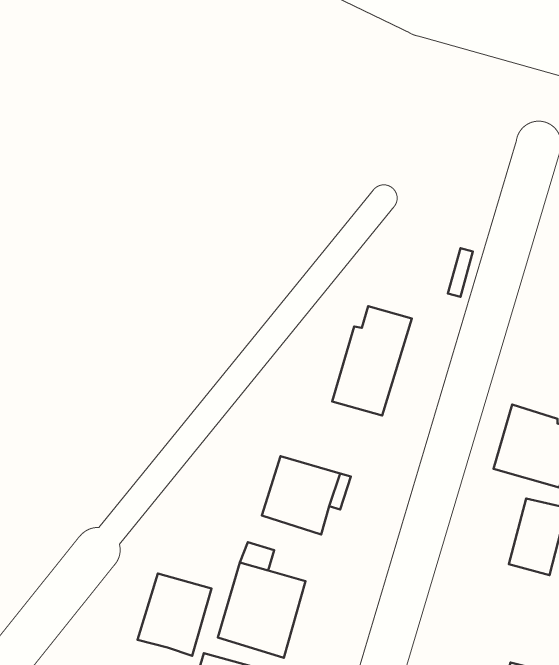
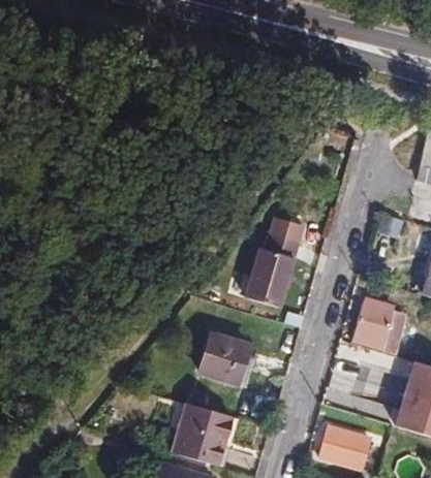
building: [137,573,211,656] -> none
building: none -> [320,426,374,466]

